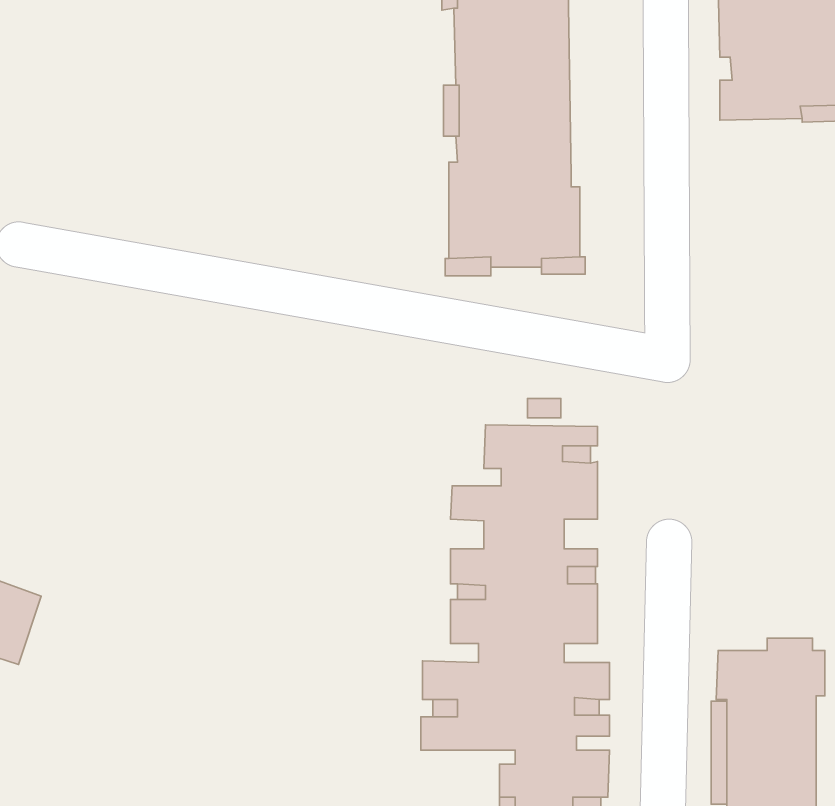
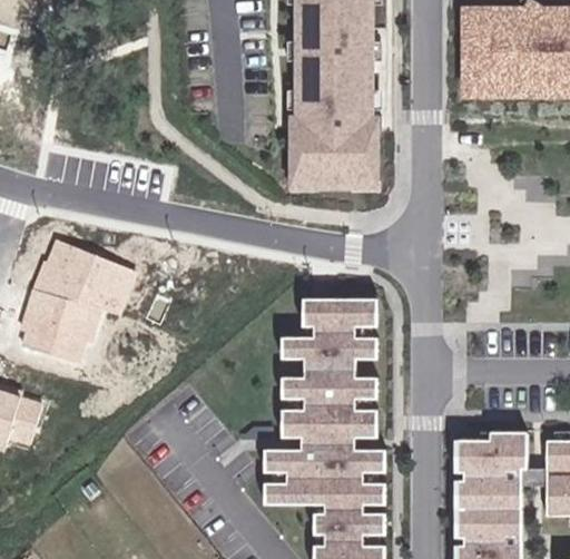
building: none -> [10,241,125,365]

